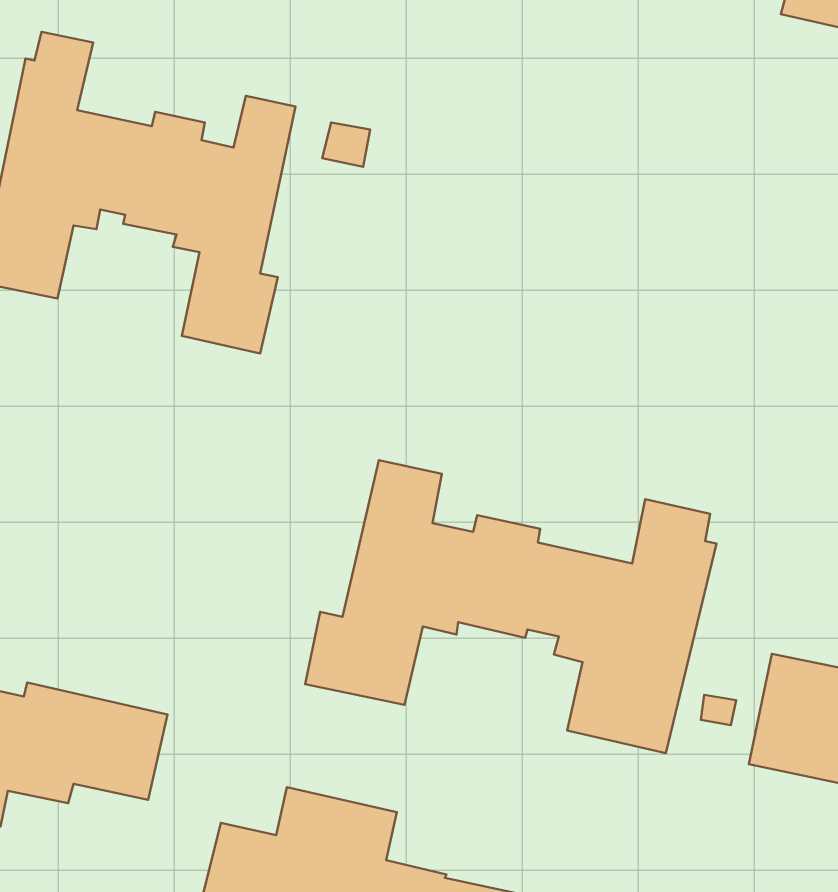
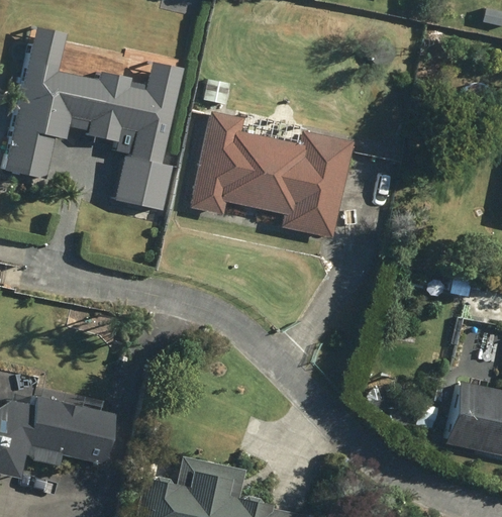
building: none -> [188,110,350,237]
building: [305,460,716,753] -> none

